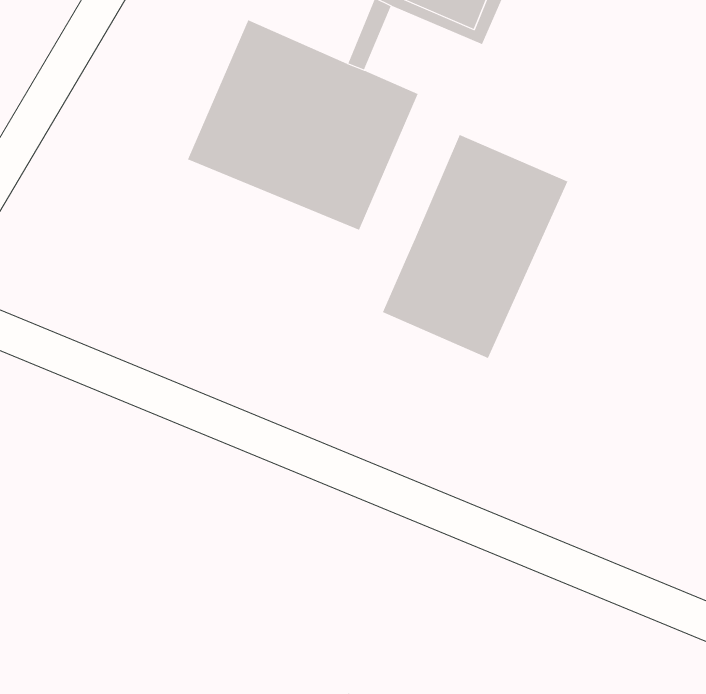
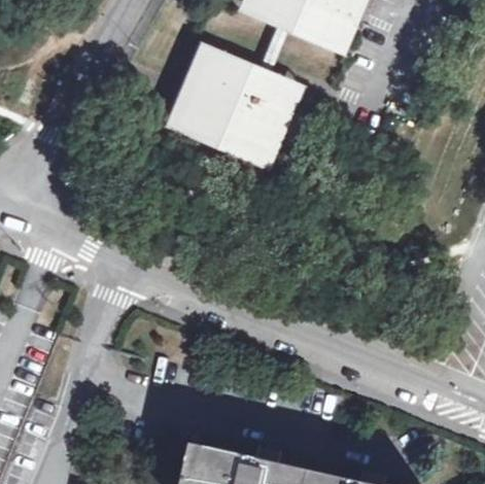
building: [382,134,568,359] -> none

